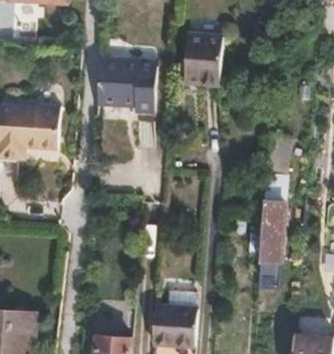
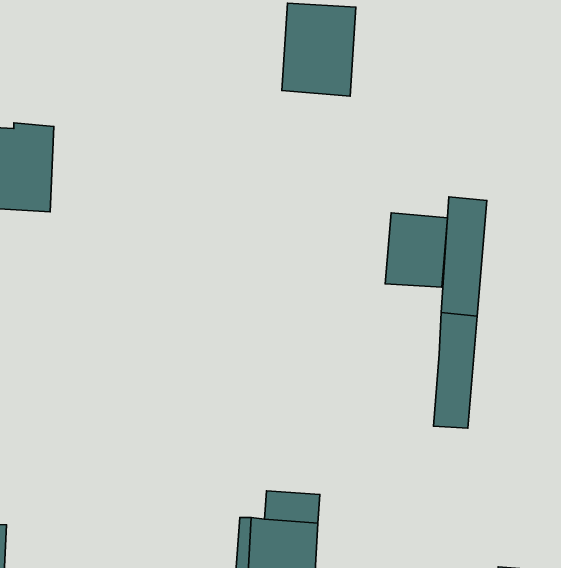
building: [96,57,156,114] -> none
building: none -> [385,213,447,287]

